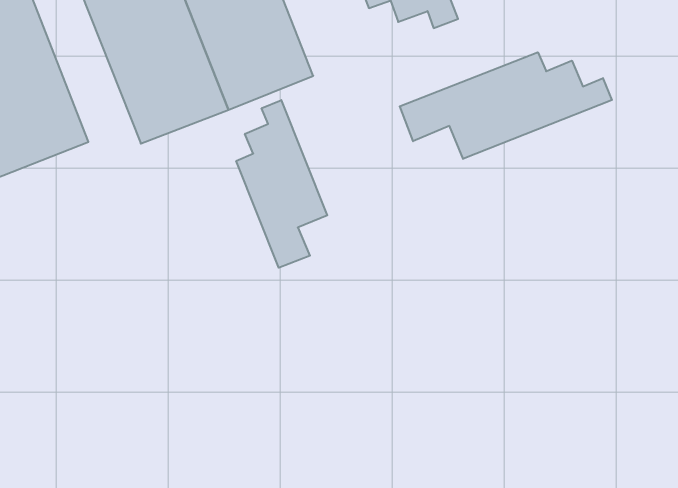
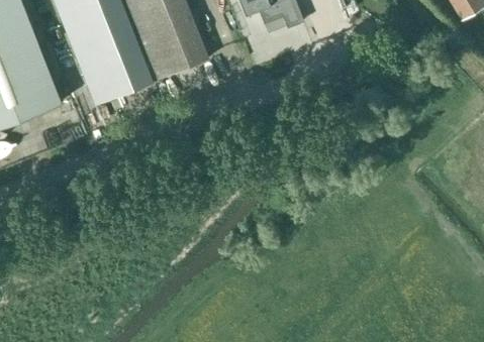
building: [400,52,612,159] -> none
building: [236,100,327,268] -> none

